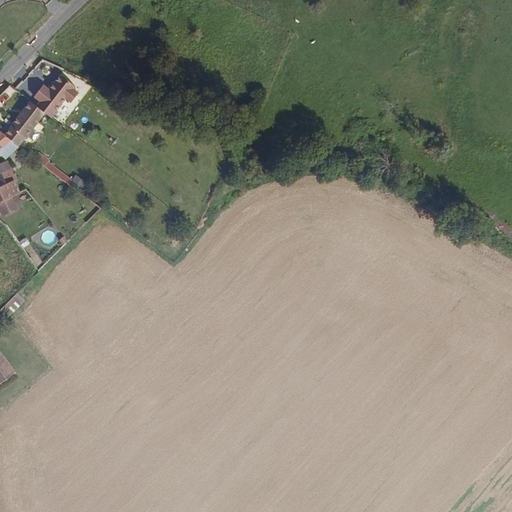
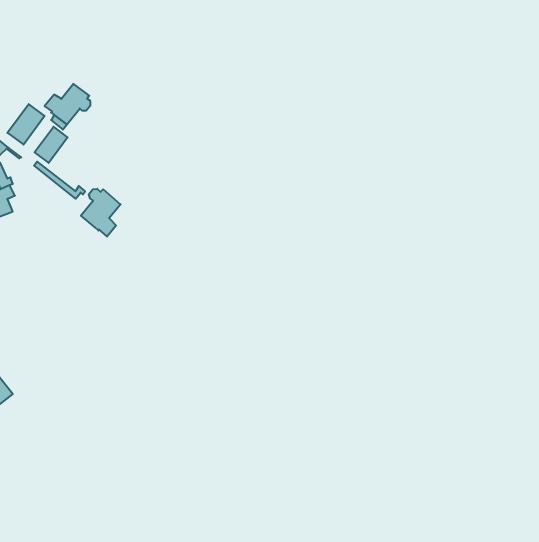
building: none -> [35,127,68,163]
building: none -> [81,189,121,237]

